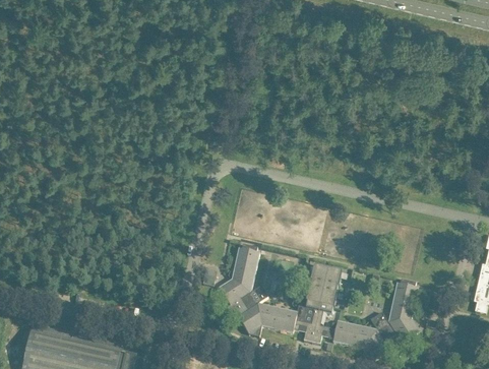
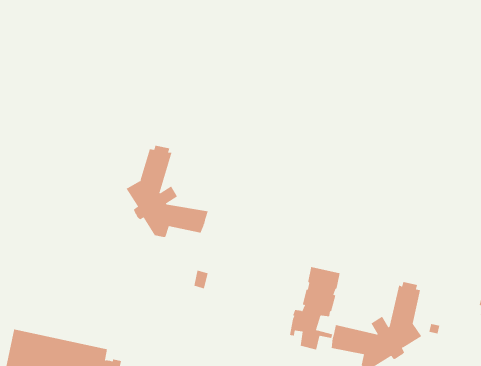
building: none -> [126,145,209,238]
building: [219,243,297,335] -> none

